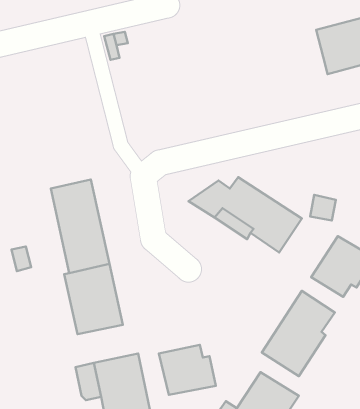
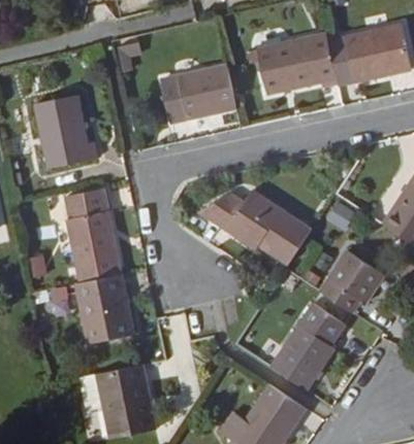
building: none -> [257,31,338,93]
building: none -> [161,65,236,125]
building: none -> [29,97,93,171]
building: [159,345,216,395] -> none

